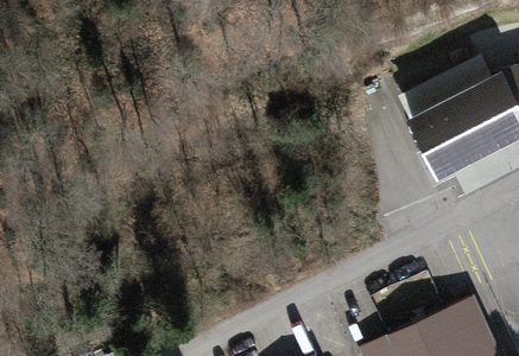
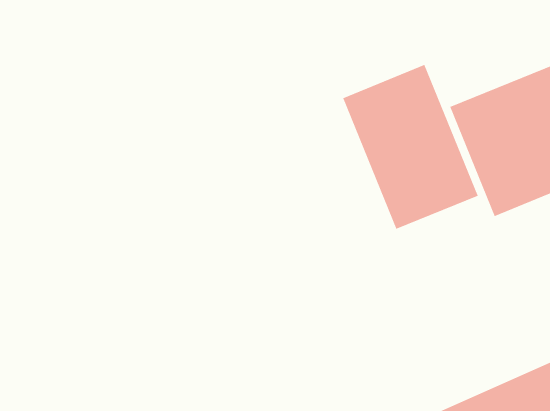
building: none -> [342,64,479,230]

